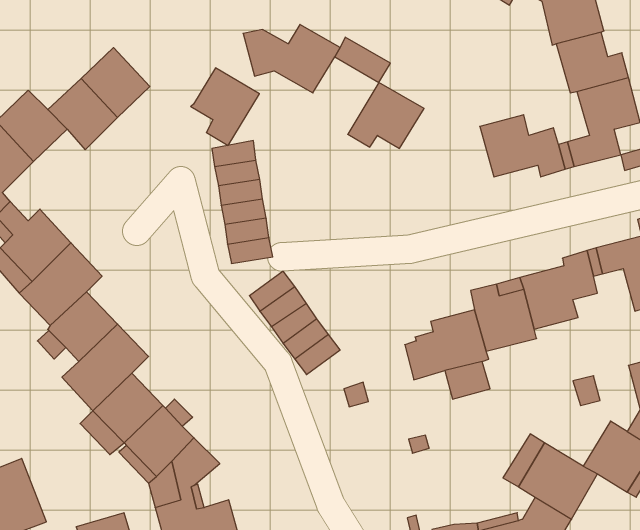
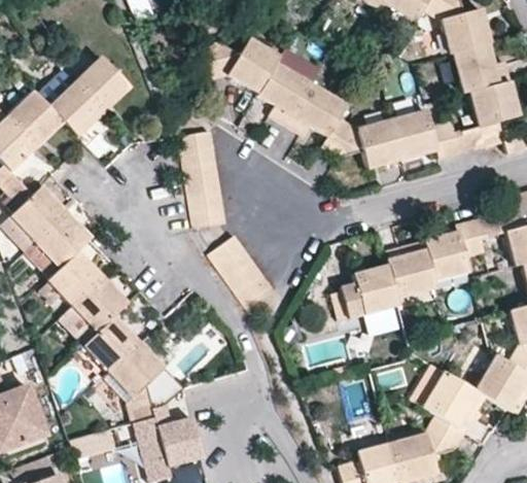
building: [191,68,259,145] -> [257,64,312,126]
building: none -> [322,118,403,169]

